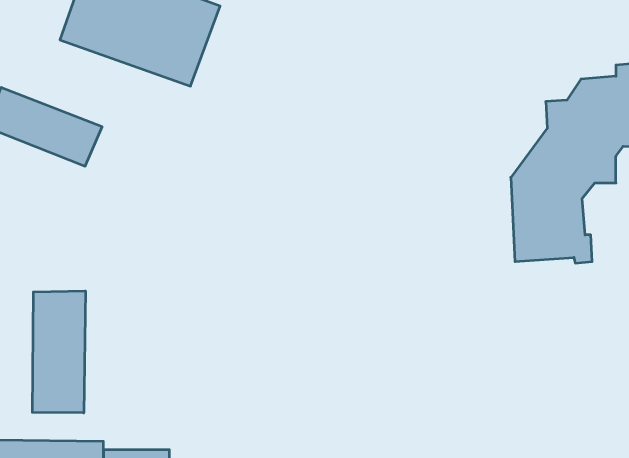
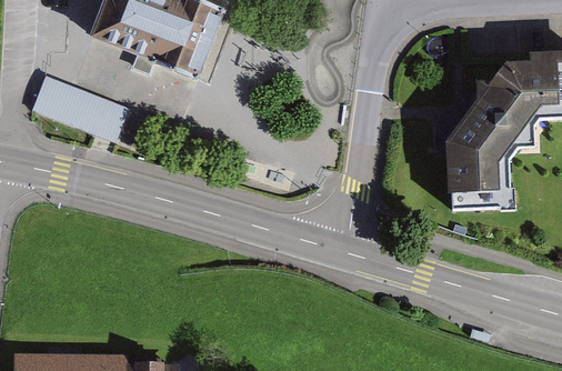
building: [32,291,85,413] -> none

